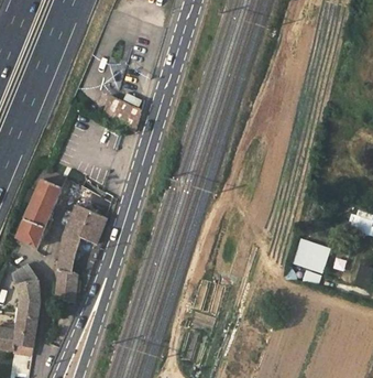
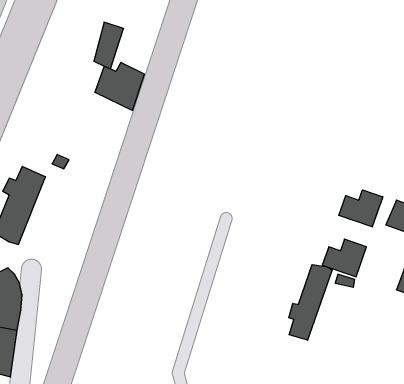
building: none -> [339,190,383,227]
building: [54,206,107,302] -> none
building: none -> [289,265,332,340]

